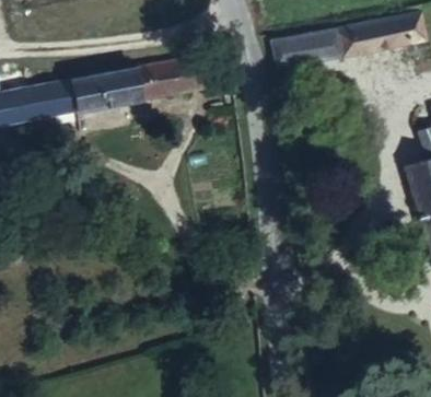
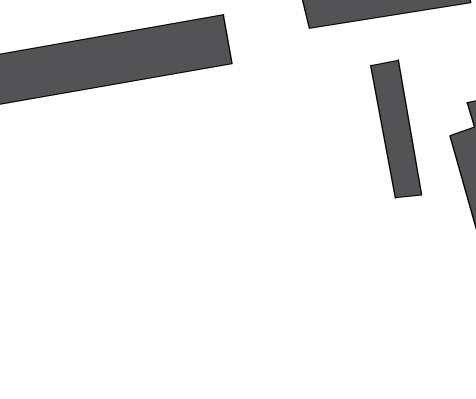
building: none -> [371,60,421,198]

